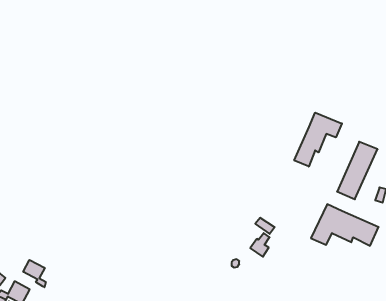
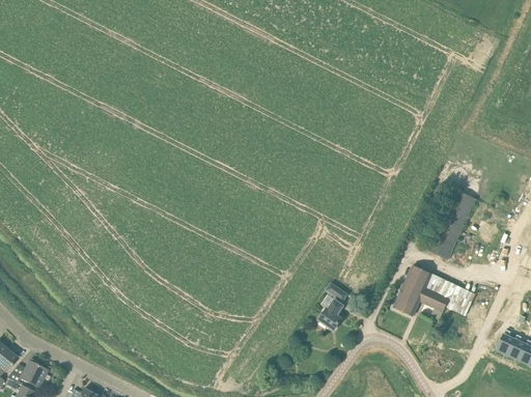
building: [294,113,342,167] -> none
building: [23,260,46,287] -> none

